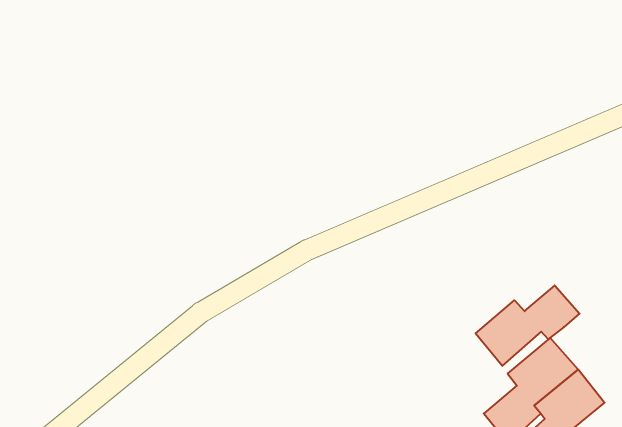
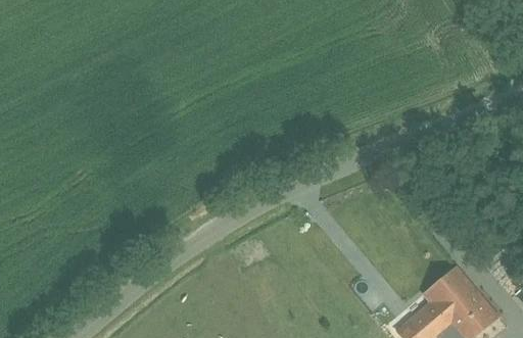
building: [476,285,580,366] -> none

